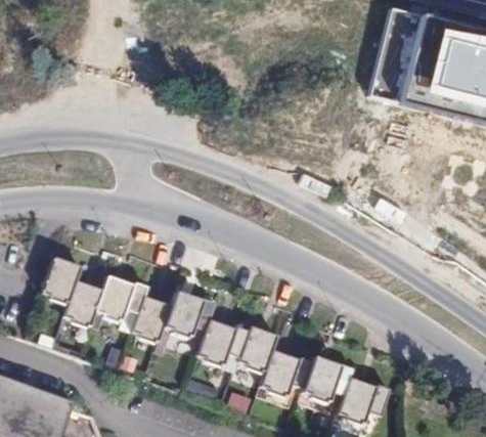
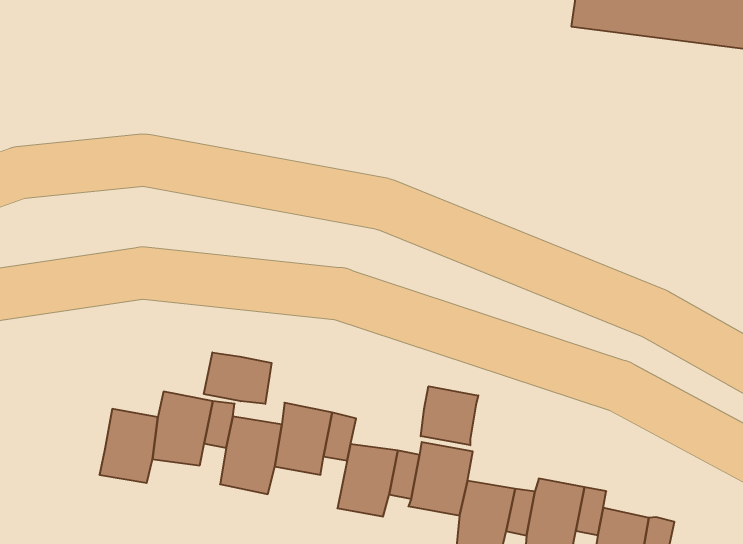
building: none -> [204,352,272,404]
building: [41,258,80,304] -> none
building: none -> [421,386,478,445]

